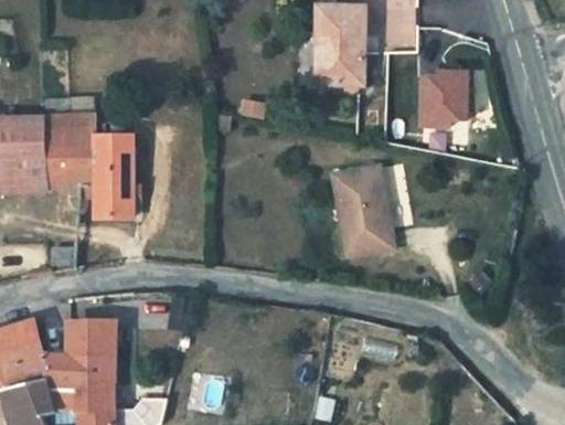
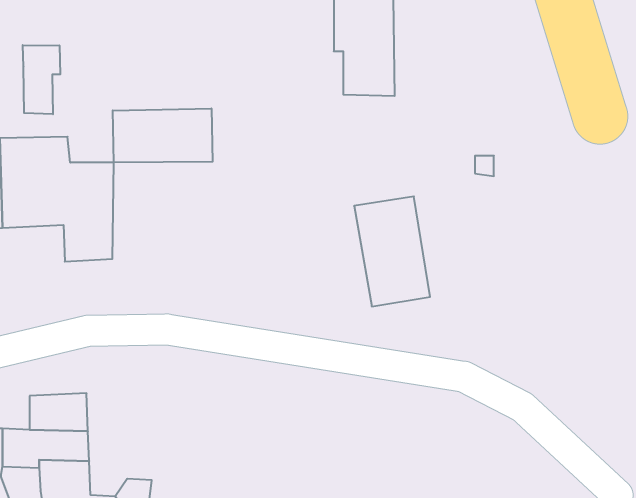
building: none -> [23,45,60,114]
building: [420,68,463,121] -> none
building: none -> [113,108,213,163]

